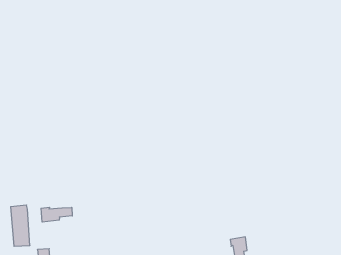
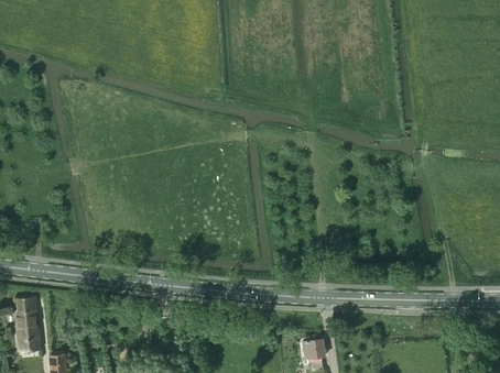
building: [41,207,72,222] -> none

